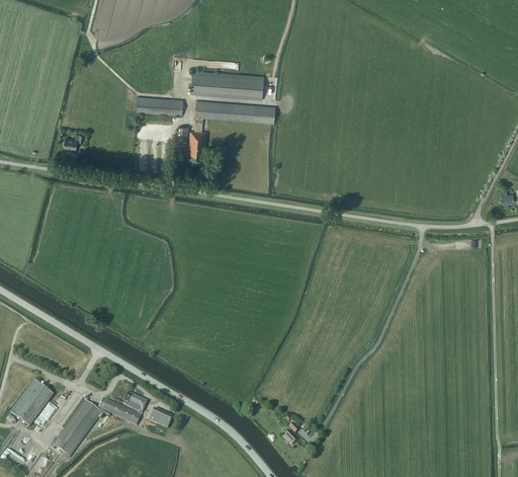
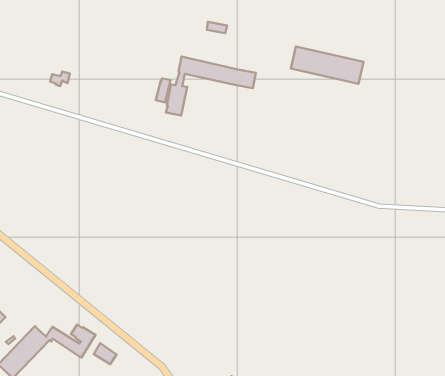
building: [190,70,264,99] -> [291,47,364,84]
building: [137,95,183,114] -> none

